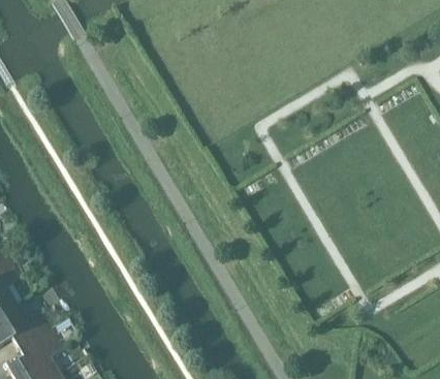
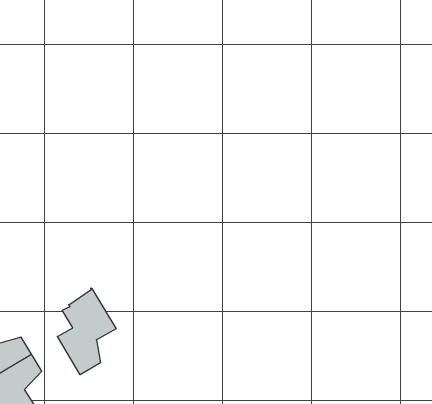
building: none -> [57,288,116,375]

